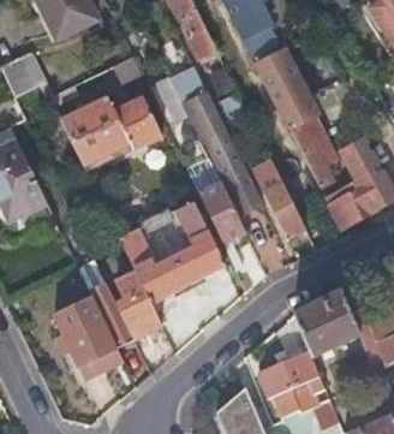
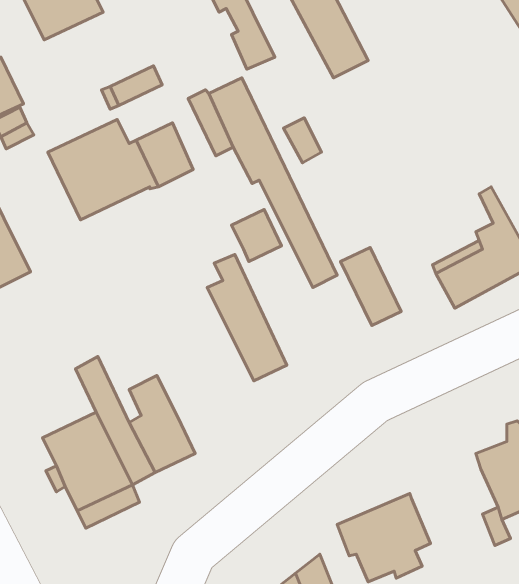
building: [261,60,334,185] -> none
building: [198,182,245,270] -> none
building: [118,210,202,301] -> none
building: [294,292,359,358] -> none

